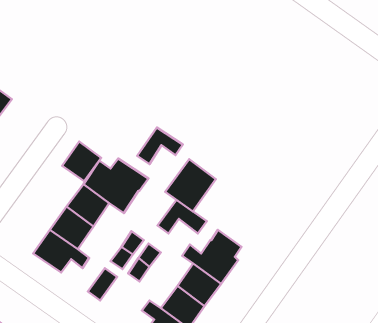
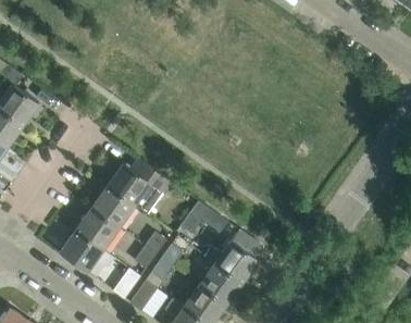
building: [137,128,183,164] -> none
building: [62,142,101,181] -> none
building: [165,159,216,211] -> none
building: none -> [129,279,159,316]

